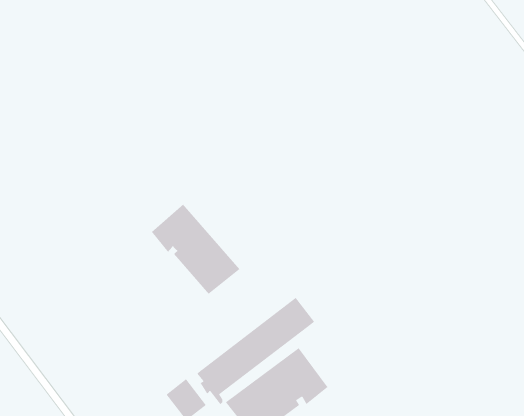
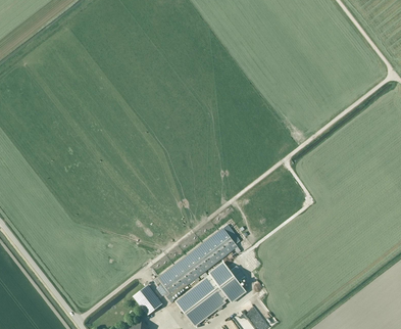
building: [151,204,240,295] -> none

